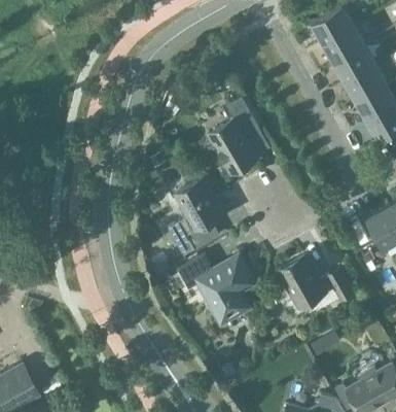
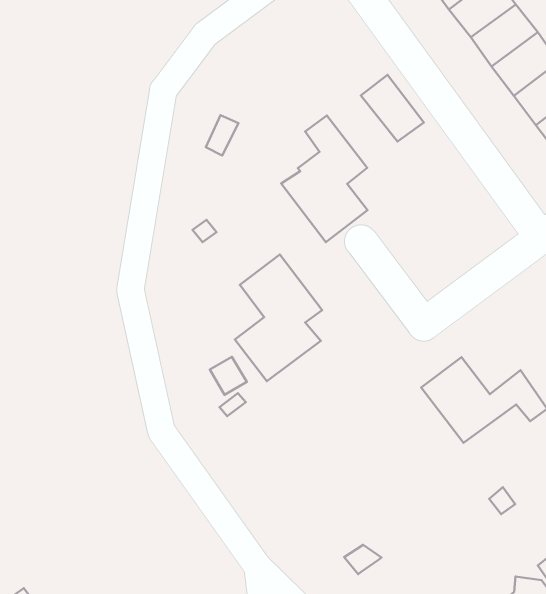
building: none -> [361,75,424,141]
building: [177,255,254,324] -> none

